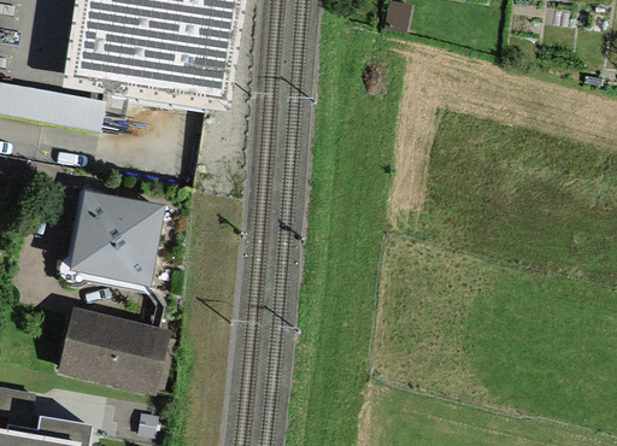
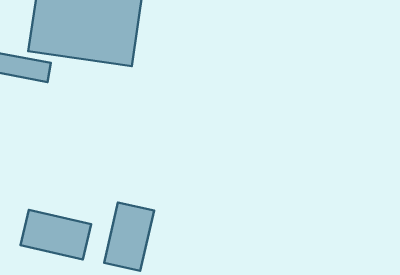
building: [66,188,164,286] -> none
building: none -> [104,203,154,271]

